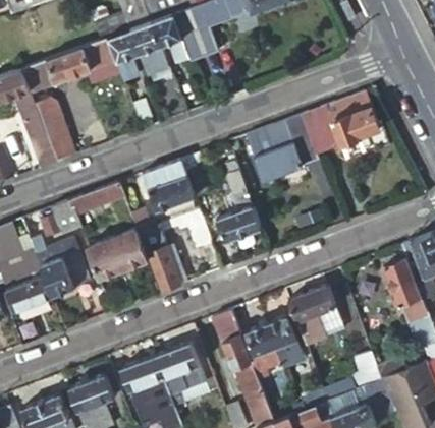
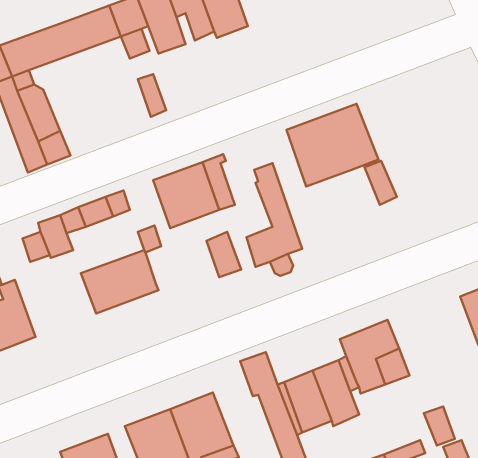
building: [303,91,380,154] -> none
building: [138,227,180,292] -> none
building: [31,241,89,298] -> none

